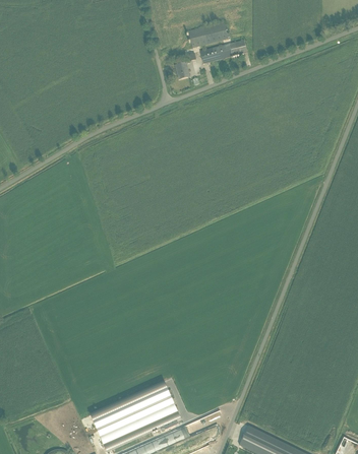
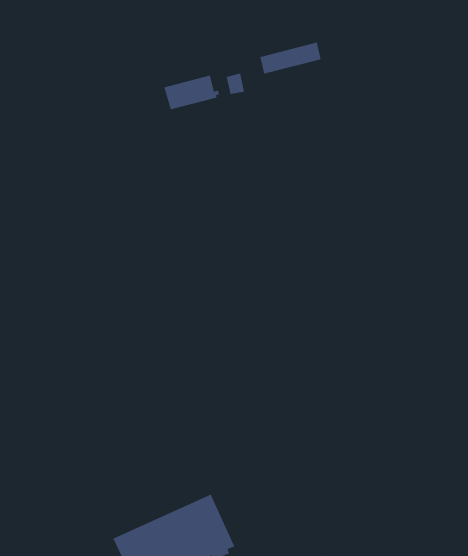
building: [187,21,230,48] -> [163,75,220,110]

